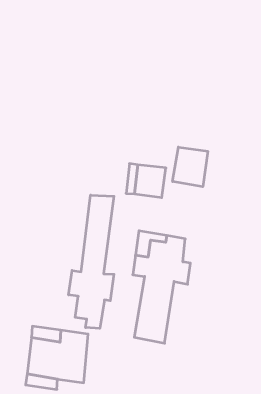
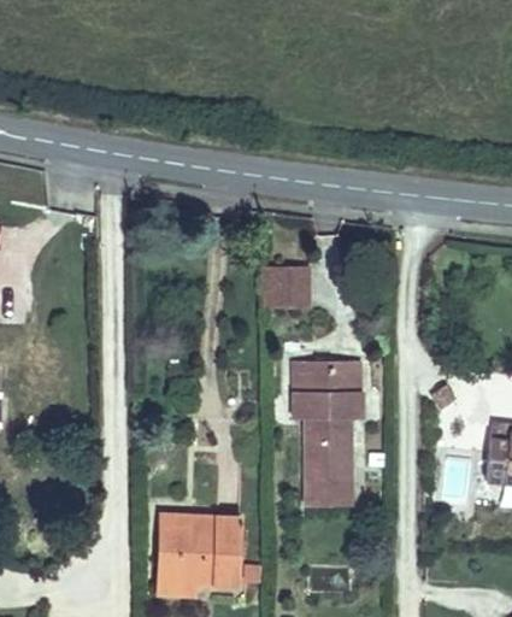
building: [173,147,208,187] -> none
building: [69,195,114,328] -> none

